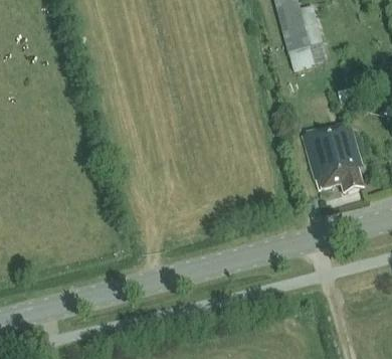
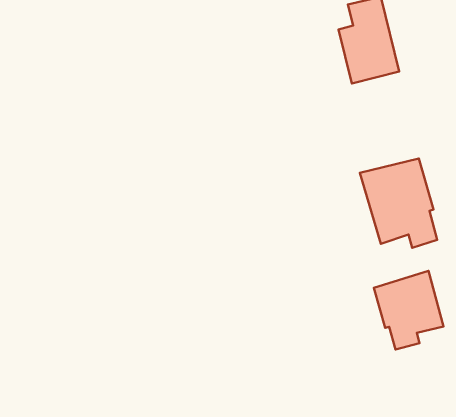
building: none -> [374,271,443,349]

